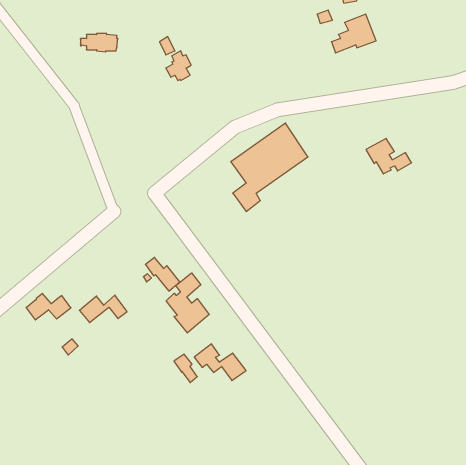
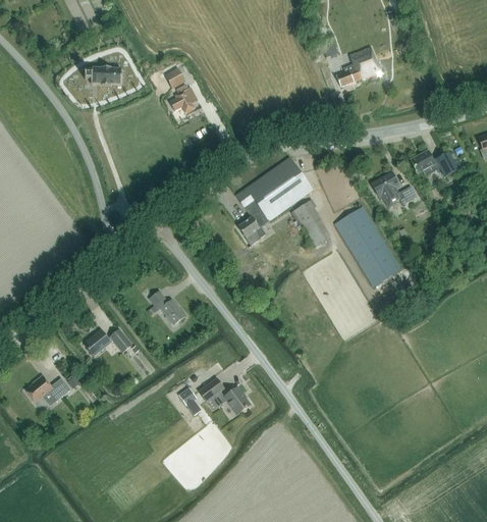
building: none -> [411,151,458,176]
building: none -> [289,198,329,247]
building: none -> [334,206,400,286]
building: [166,273,209,333] -> none
building: [26,294,71,320] -> [25,375,70,402]

